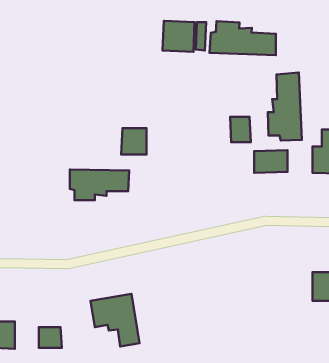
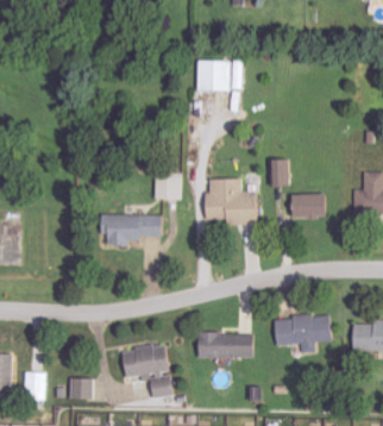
building: [210,21,276,55] -> none
building: [268,73,302,141] -> none
building: none -> [206,178,258,223]
building: none -> [276,315,332,345]
building: none -> [199,333,255,358]

